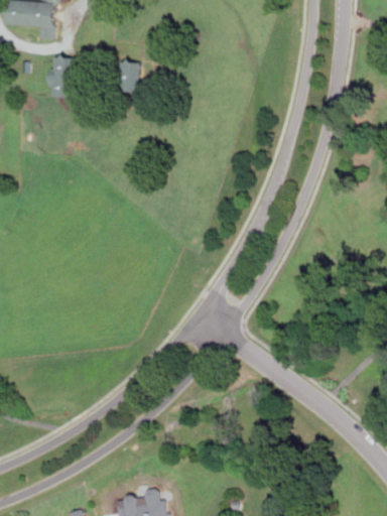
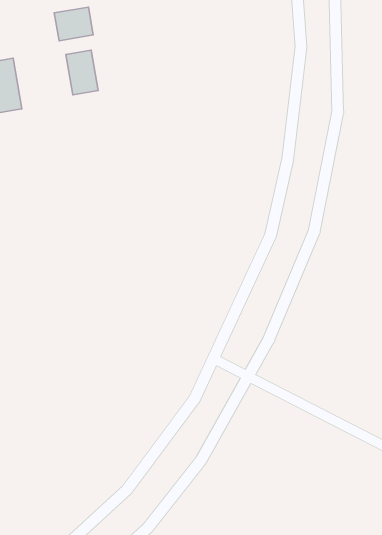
building: none -> [54,7,93,41]

